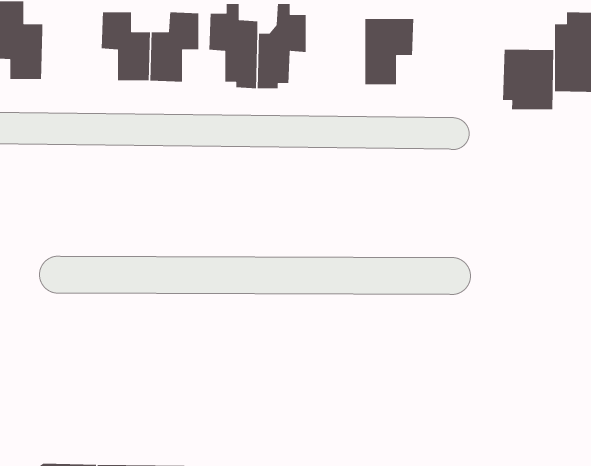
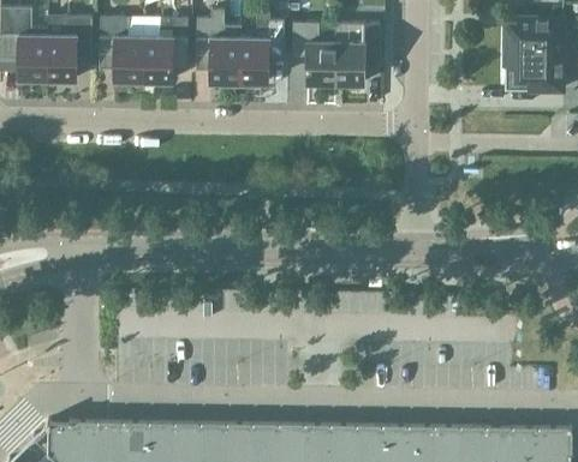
building: none -> [47,17,91,80]
building: none -> [292,23,335,84]
building: [502,49,554,110] -> none

